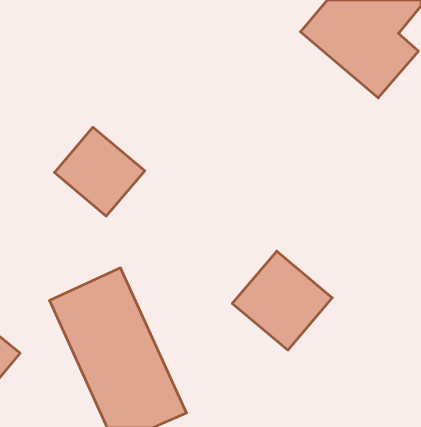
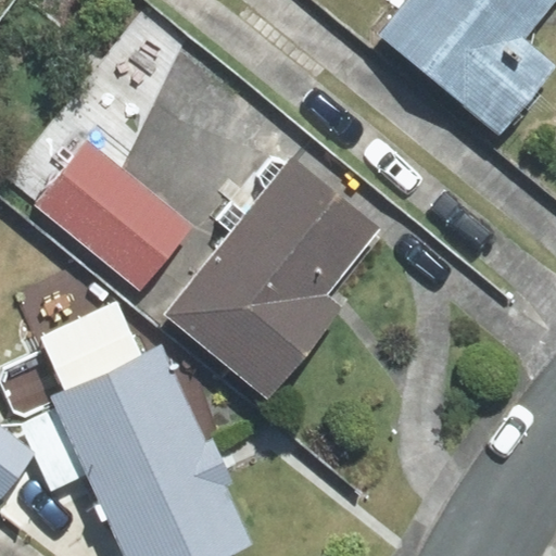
building: none -> [173,161,376,387]
building: [232,251,332,350] -> none

